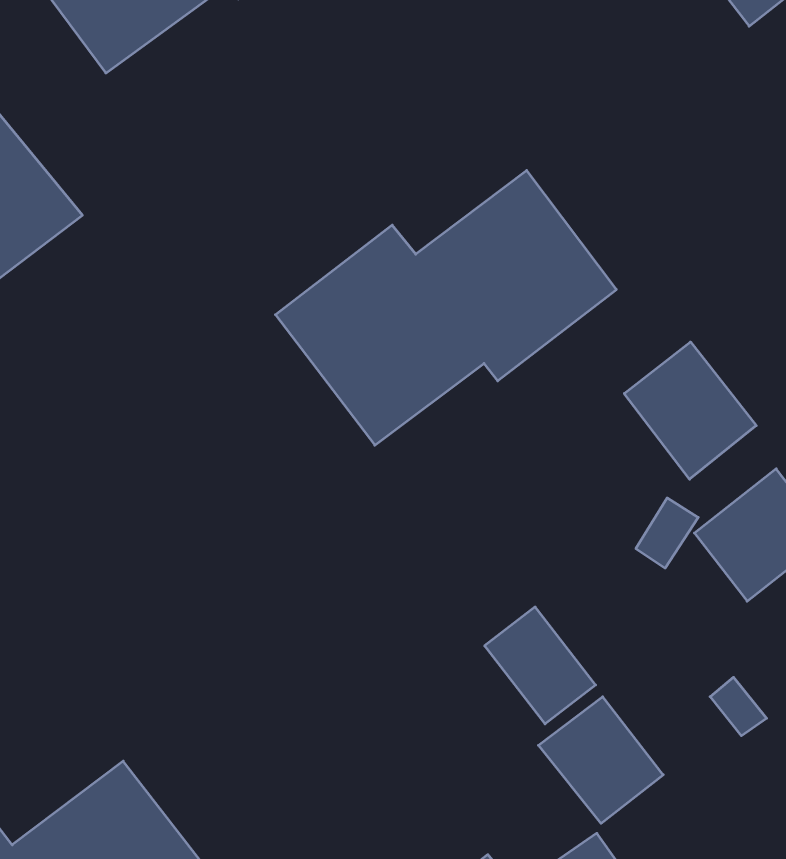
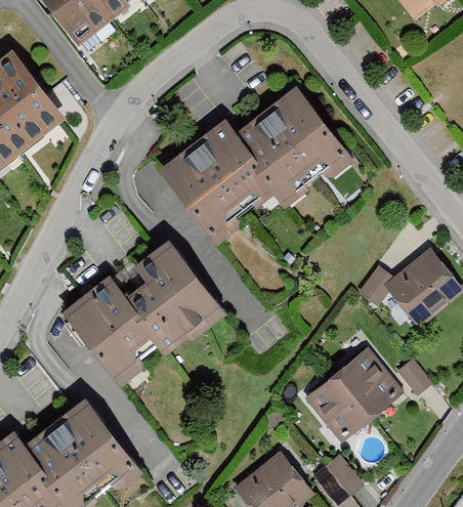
building: [624,342,756,479] -> none
building: none -> [69,246,221,379]
building: [485,607,596,724] -> [338,349,396,411]

